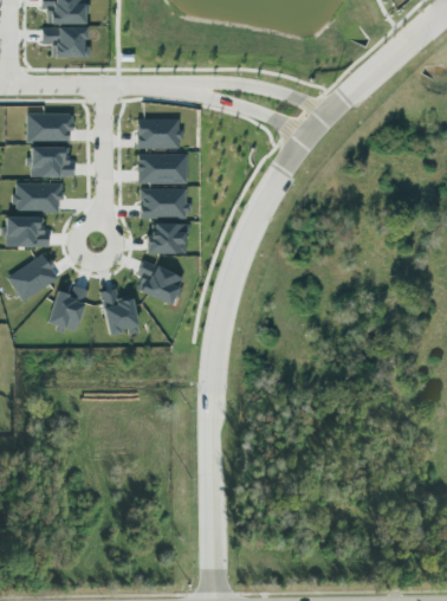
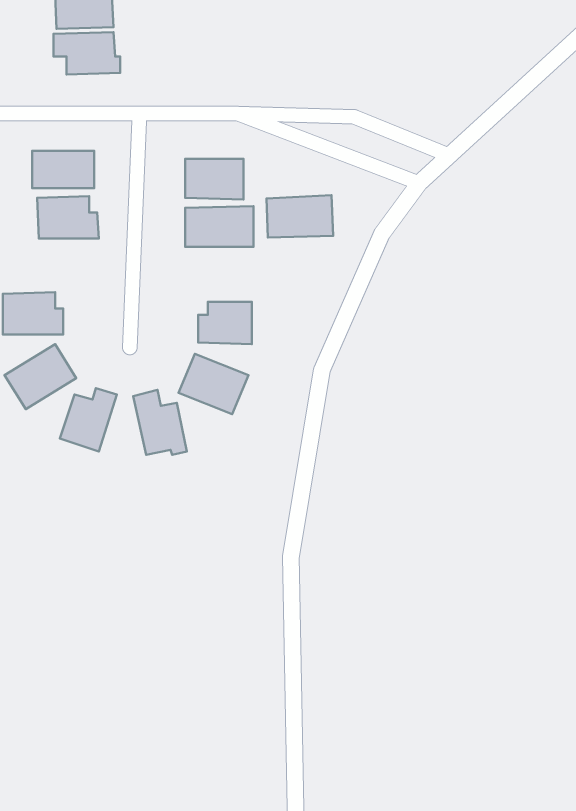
building: [14,183,61,212] -> none
building: [141,188,189,219] -> [266,195,333,237]

